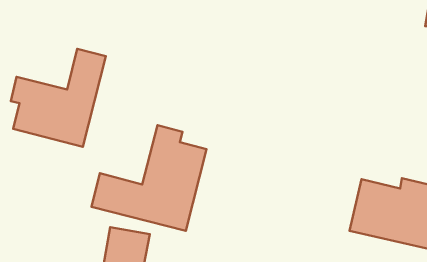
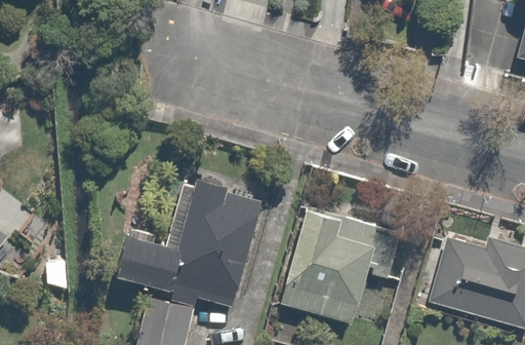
building: [11,49,106,147] -> none
building: none -> [280,205,403,327]

